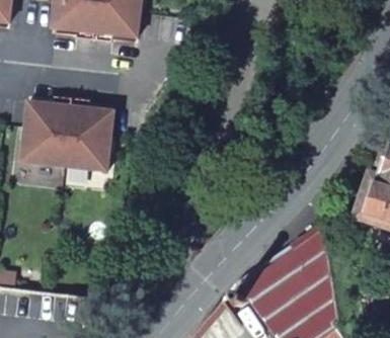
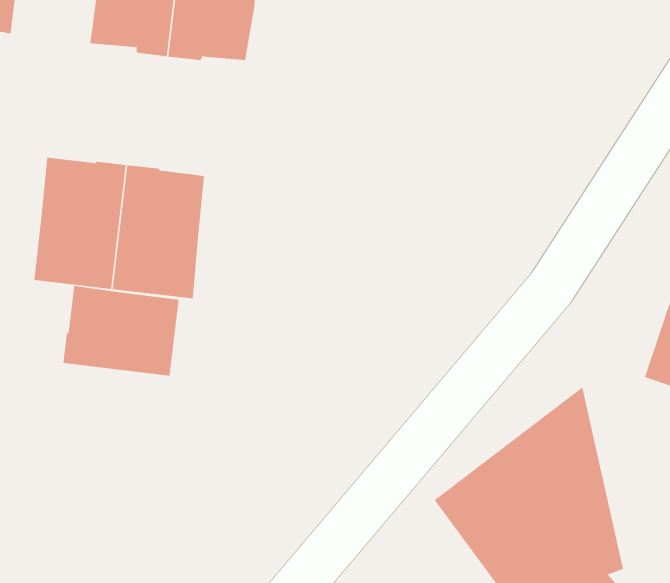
building: none -> [63,285,179,376]

